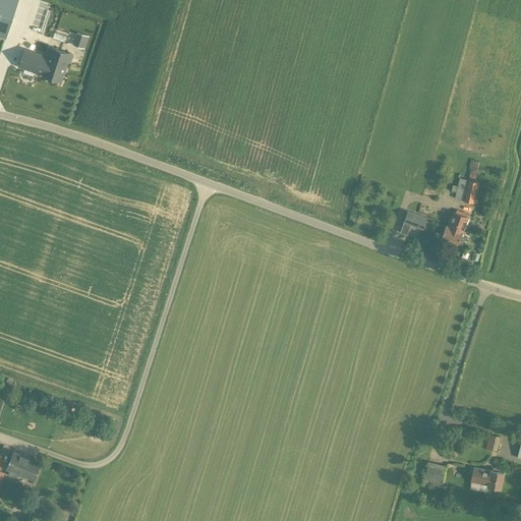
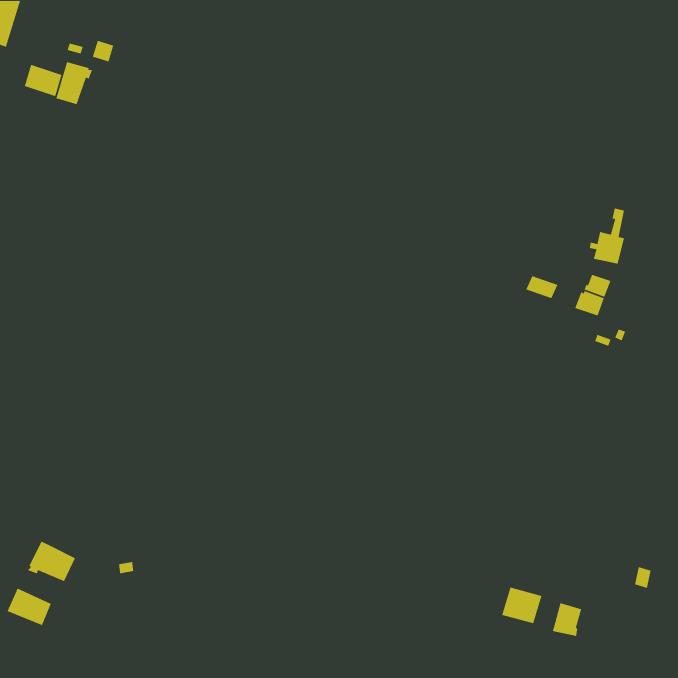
building: none -> [27,541,77,582]
building: none -> [501,587,542,624]
building: [470,468,503,488] -> none

